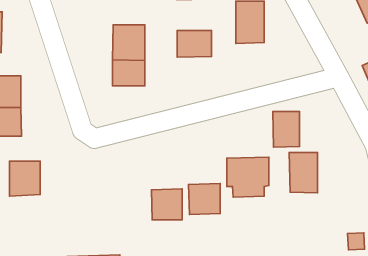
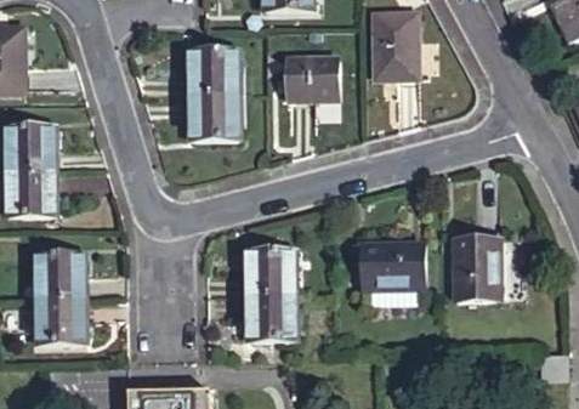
building: [273,111,300,147] -> none
building: [189,184,220,214] -> [248,246,295,292]
building: none -> [36,300,83,341]

